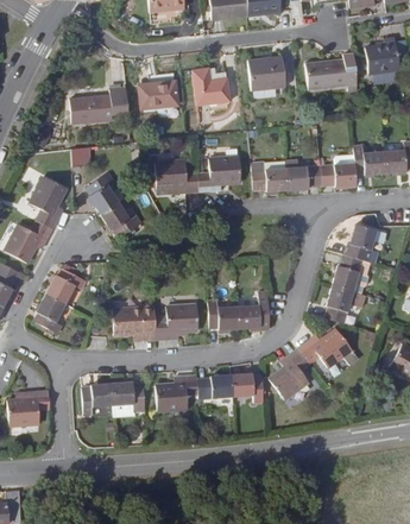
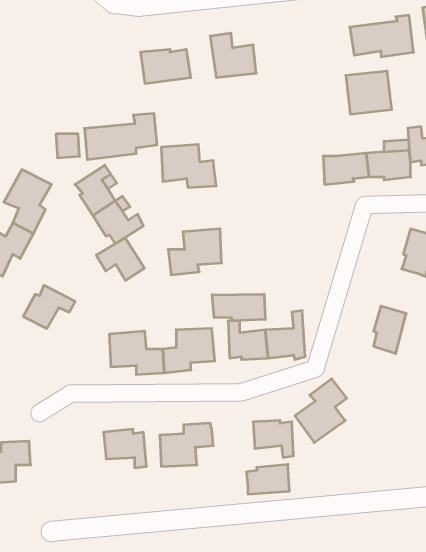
building: [251,56,288,90] -> [346,71,392,114]
building: [74,87,132,124] -> [84,114,157,160]
building: [198,153,241,190] -> [168,229,222,275]
building: [252,160,288,190] -> none
building: none -> [96,238,144,280]
building: [333,255,362,292] -> none
building: none -> [212,294,265,321]
building: [36,295,65,334] -> none
building: [294,324,347,364] -> none
building: [197,379,232,403] -> [246,464,289,494]
building: [81,387,113,419] -> none

